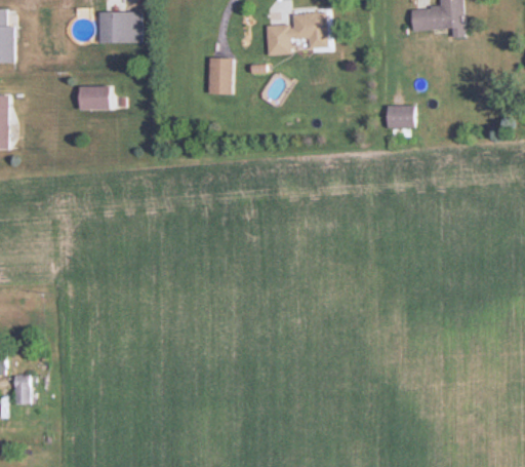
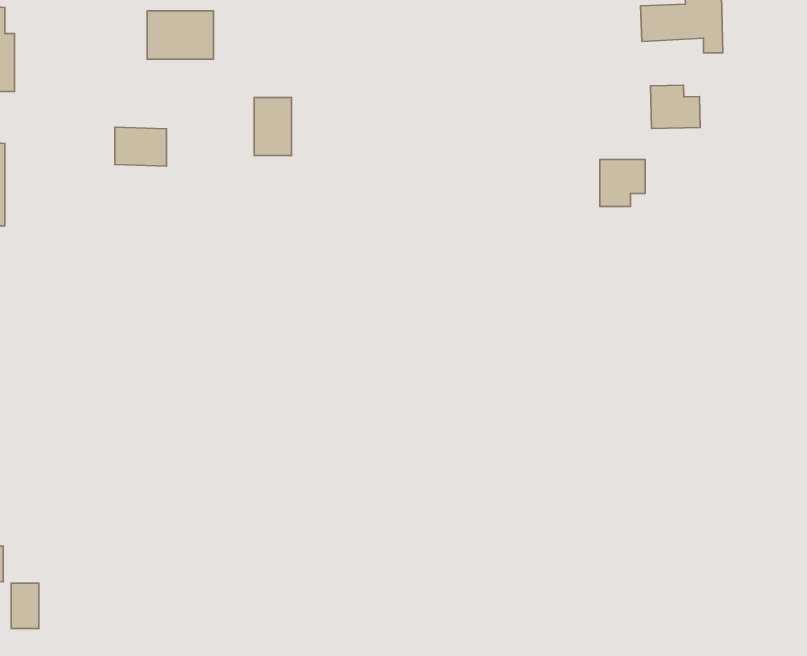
building: [266,11,327,55] -> none
building: [208,57,232,94] -> [254,97,291,156]
building: none -> [651,85,700,129]

